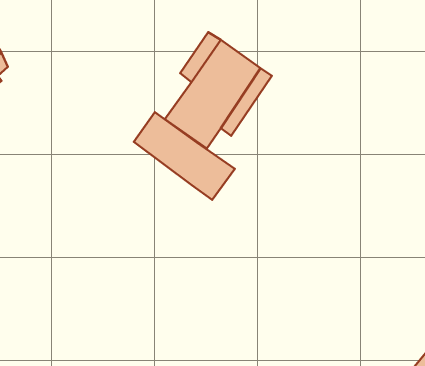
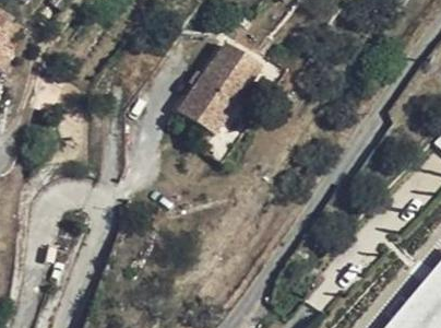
building: [134,112,235,200] -> none

